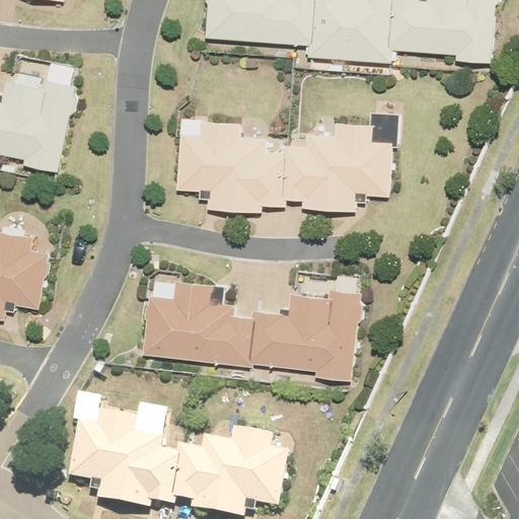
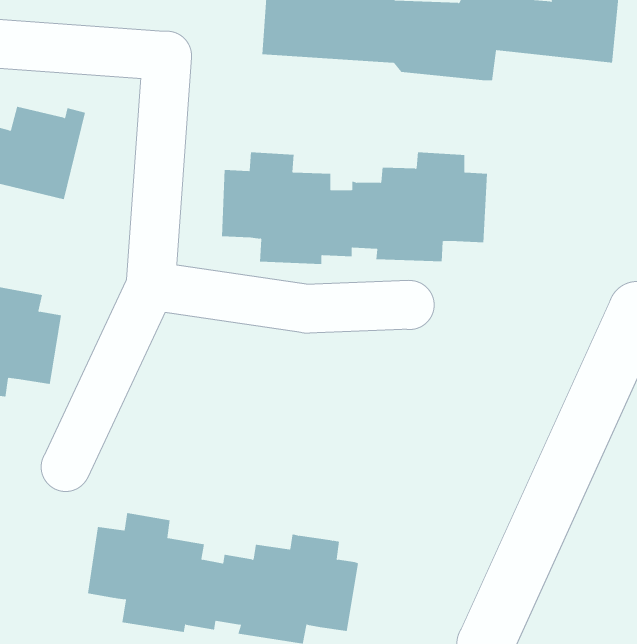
building: [146,284,358,375] -> none

